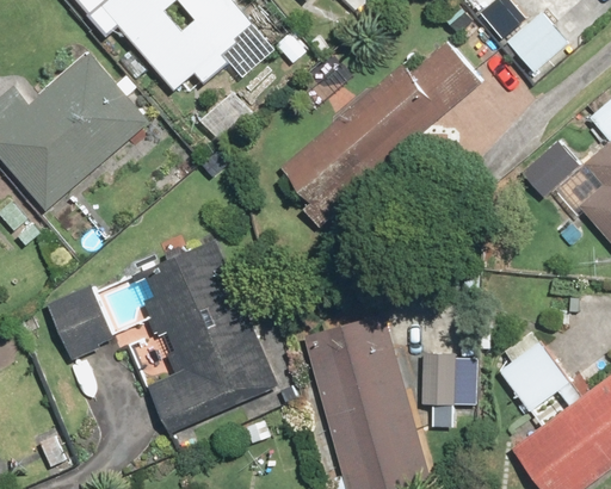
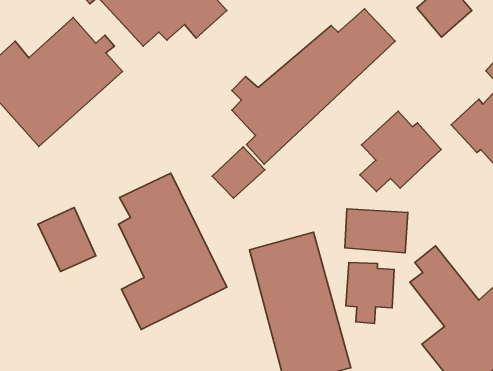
building: none -> [360,111,441,191]
building: none -> [212,147,265,198]
building: none -> [345,209,408,253]

